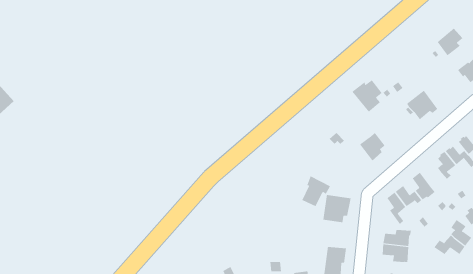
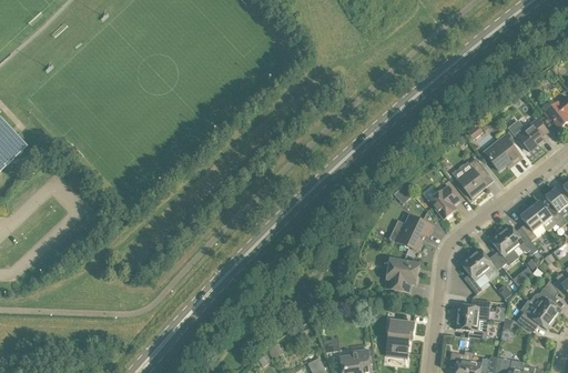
building: [437,28,463,56] -> [517,118,548,151]
building: [352,79,383,112] -> [452,158,488,196]
building: none -> [500,223,537,254]
building: [302,176,331,207] -> [399,213,434,250]

